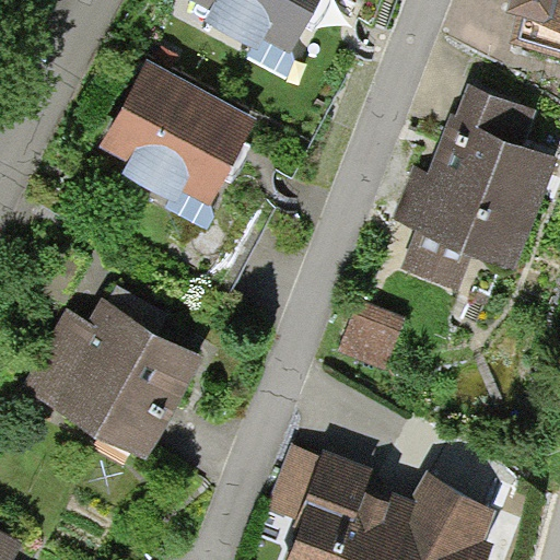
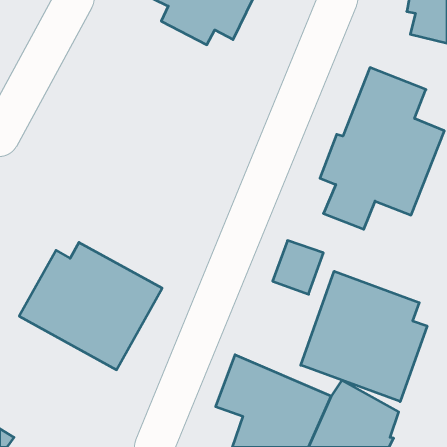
building: [102,65,254,205] -> none
building: none -> [301,271,427,402]

